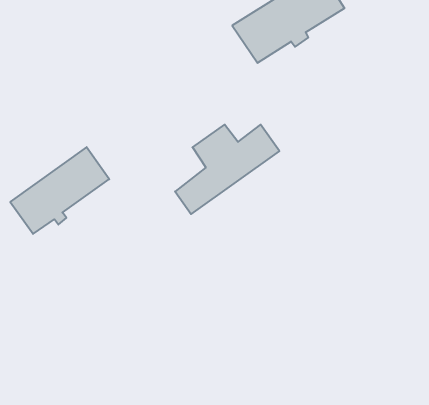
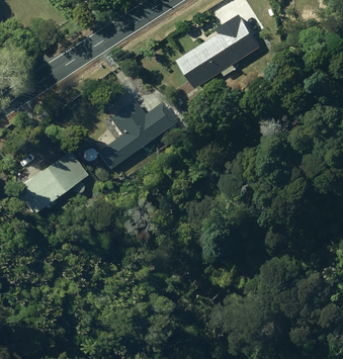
building: [175,125,279,214] -> [99,100,178,168]

